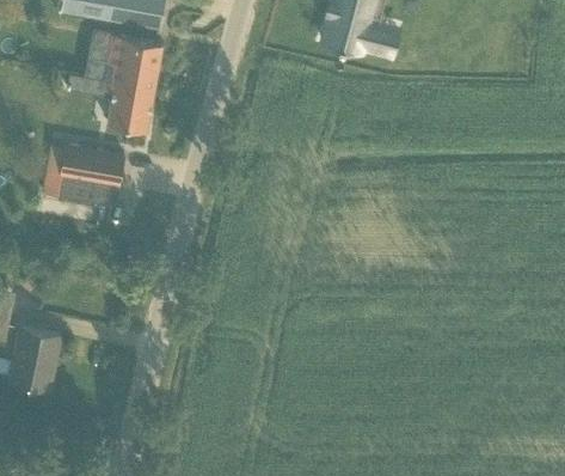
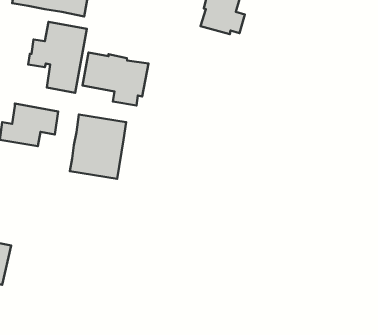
building: none -> [82,53,148,106]
building: none -> [70,115,126,179]

